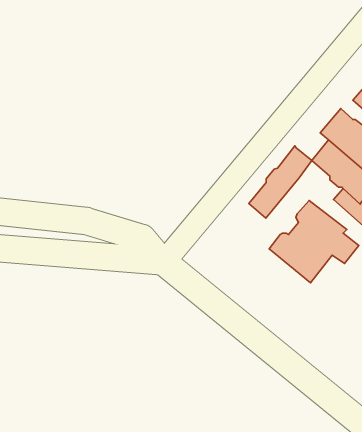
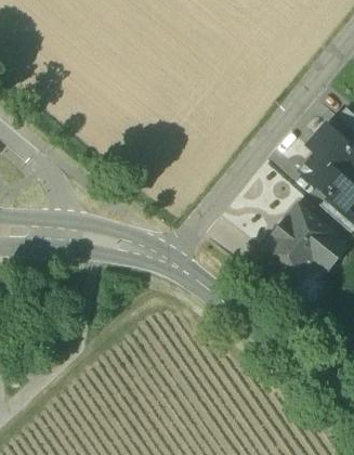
building: [249,146,312,218] -> none

